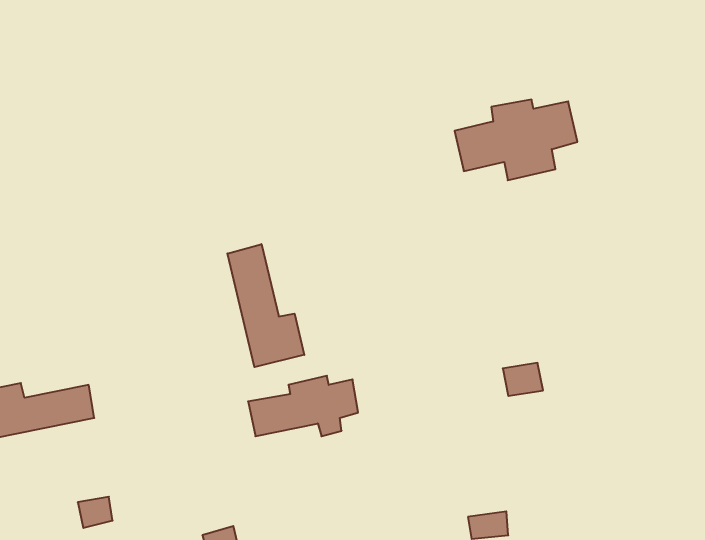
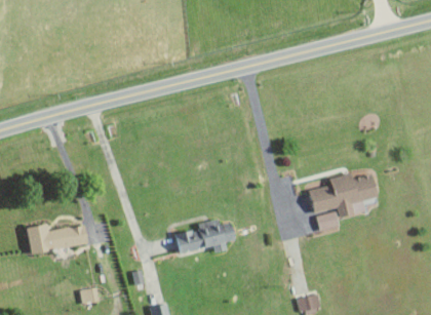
building: [455,100,577,180] -> [309,173,378,219]
building: [227,244,304,367] -> none

